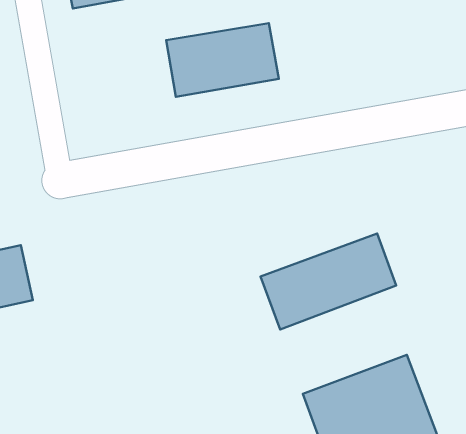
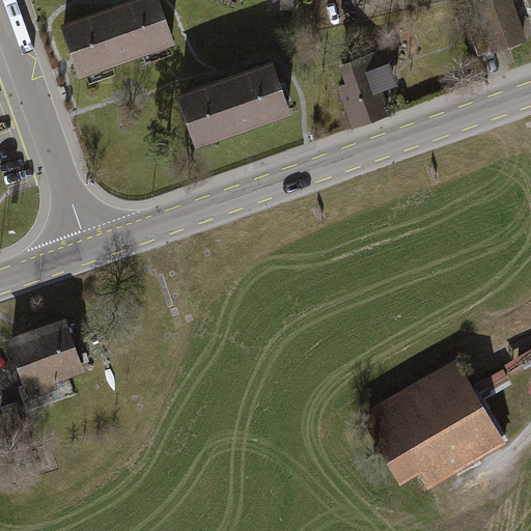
building: none -> [331,50,395,125]
building: [261,233,396,329] -> none

